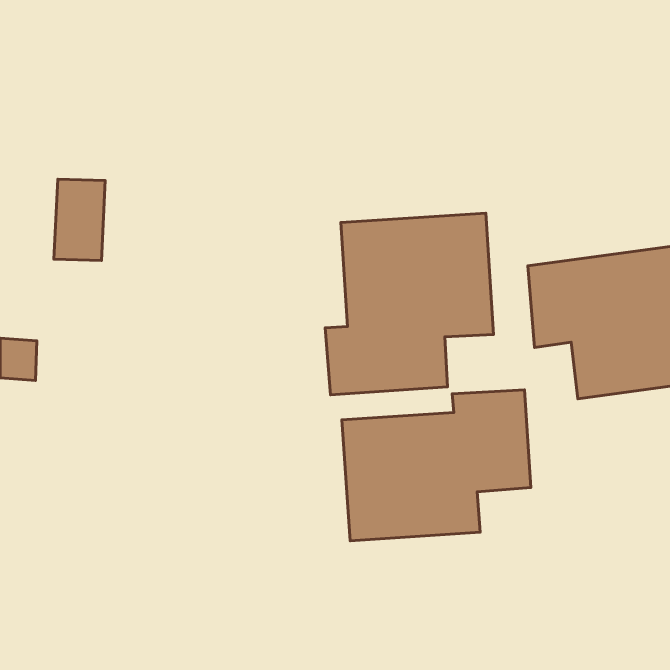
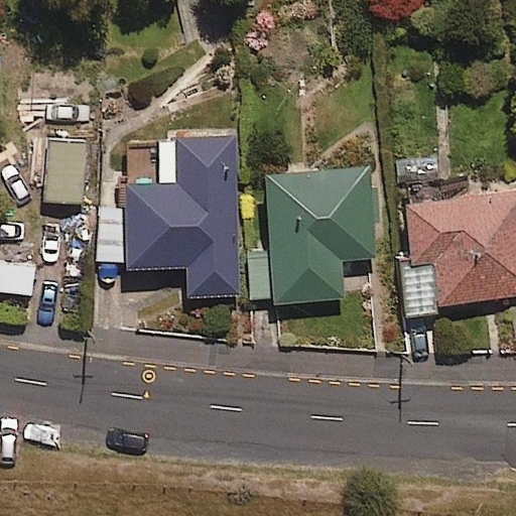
building: none -> [122,132,244,302]
building: [342,390,531,541] -> none

